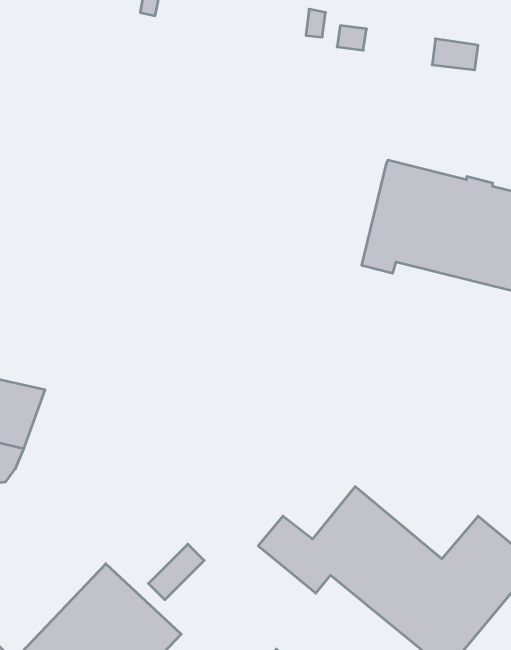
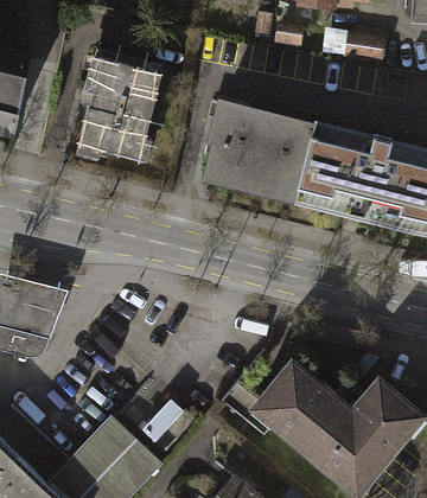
building: none -> [77,59,158,159]
building: none -> [206,103,313,199]

